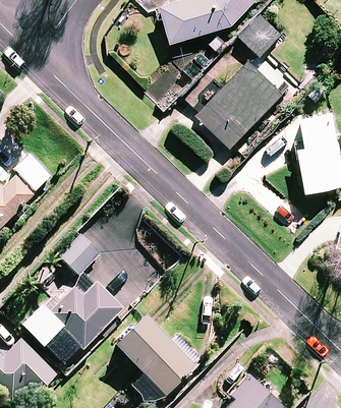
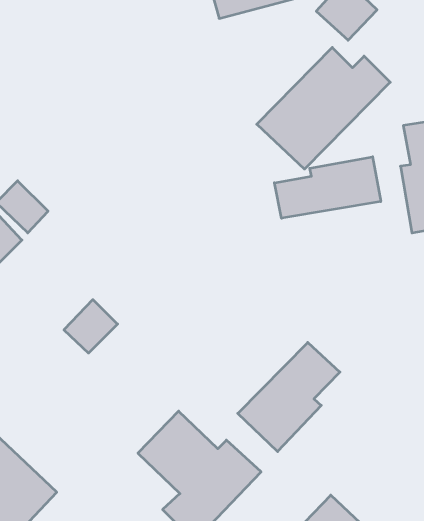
building: none -> [274,157,381,218]
building: none -> [238,342,340,452]
building: [22,279,123,367] -> none

